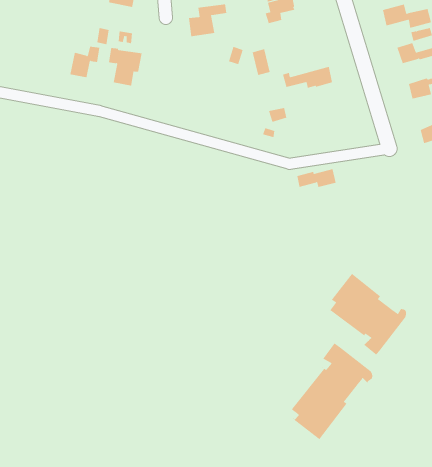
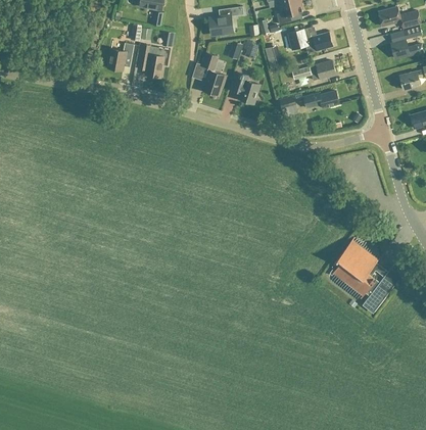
building: none -> [286,29,331,50]
building: none -> [200,52,225,95]
building: none -> [231,71,258,103]
building: [297,169,337,187] -> [302,91,337,107]
building: [288,342,373,443] -> none

